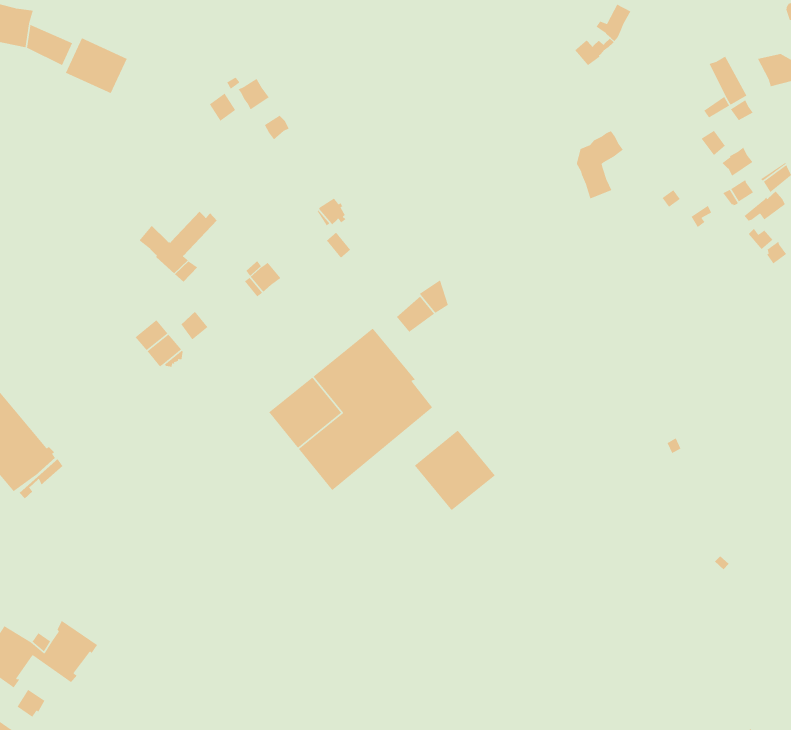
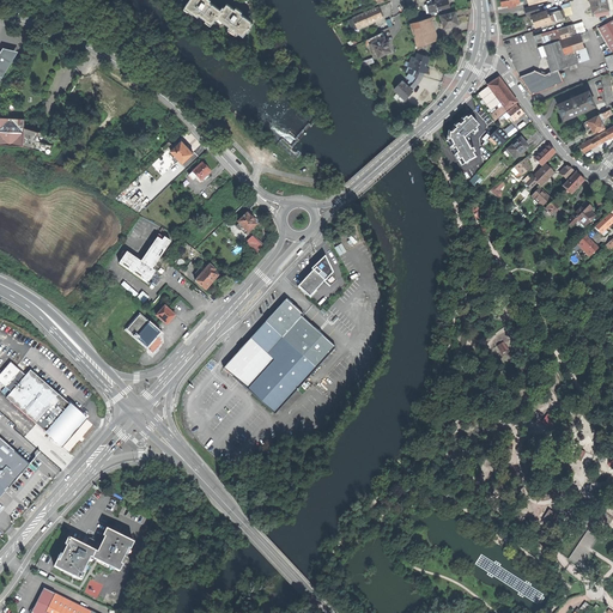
building: [65,37,128,94] -> none
building: [576,130,624,199] -> [447,116,478,165]
building: [414,430,496,511] -> none

